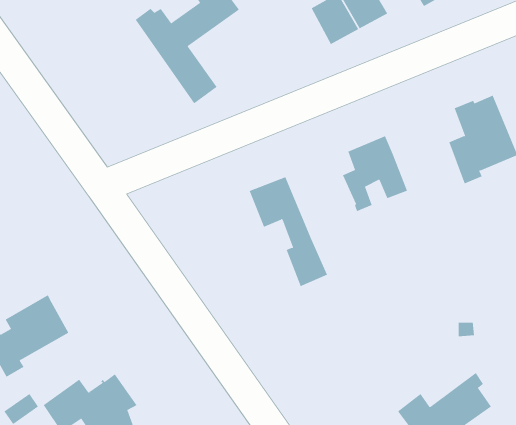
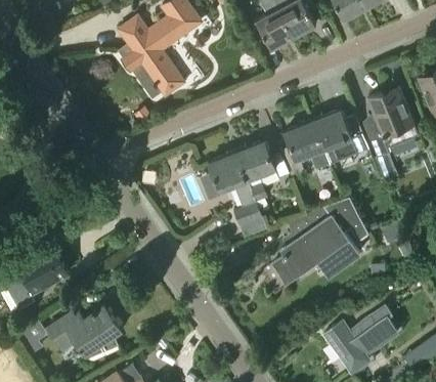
building: none -> [314,111,367,164]
building: none -> [236,141,291,202]
building: none -> [272,197,367,285]

